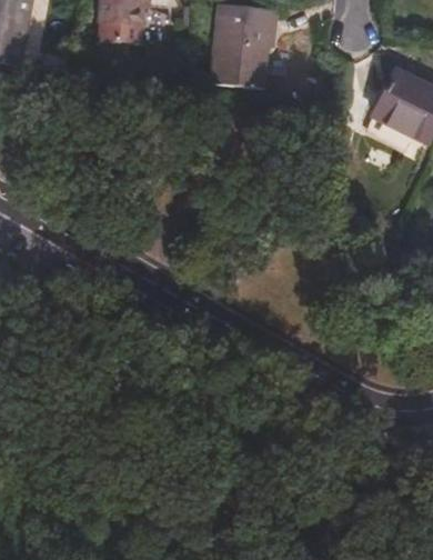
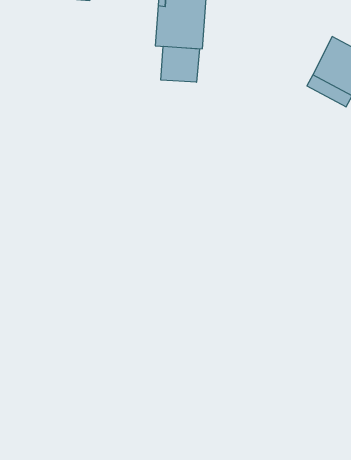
building: none -> [161,46,200,82]

